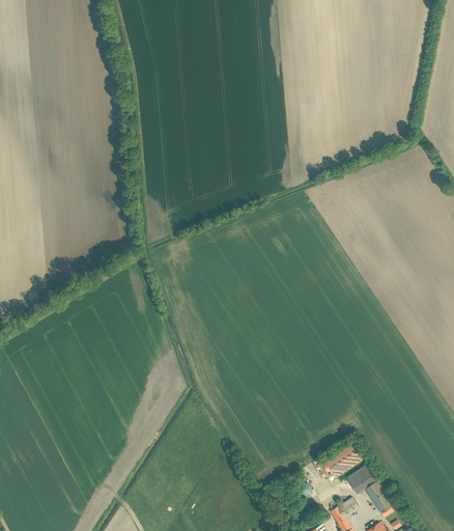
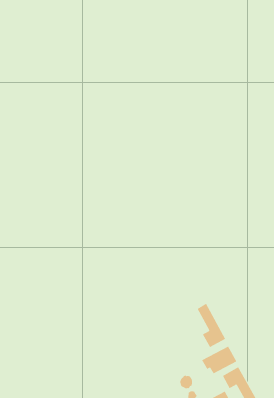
building: none -> [197,303,226,348]

